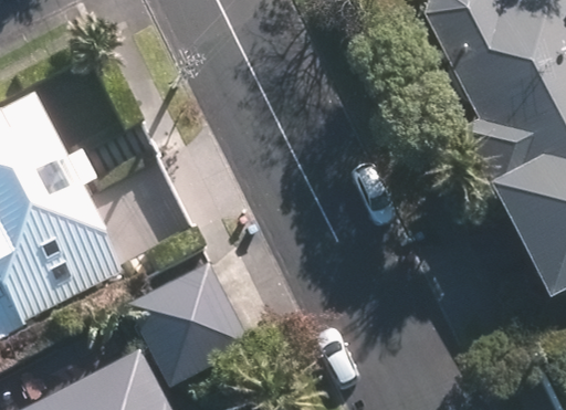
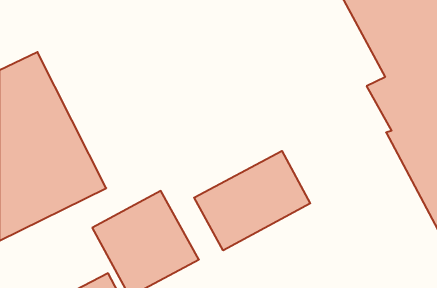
building: none -> [194,151,310,250]

